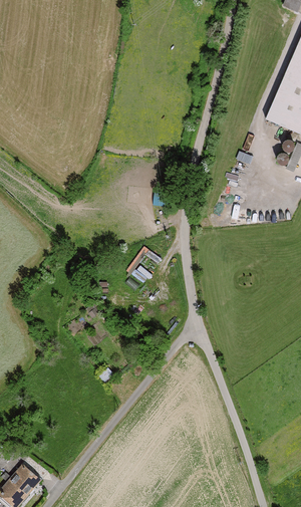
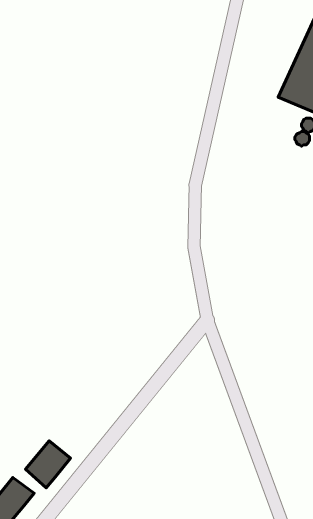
building: none -> [26,441,71,488]

